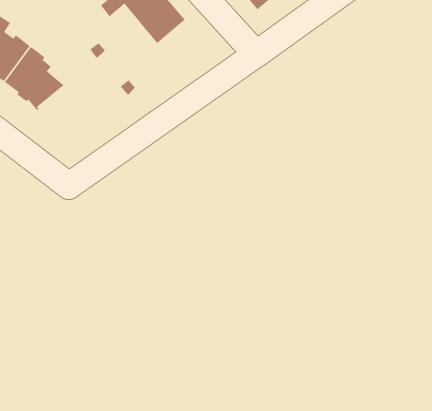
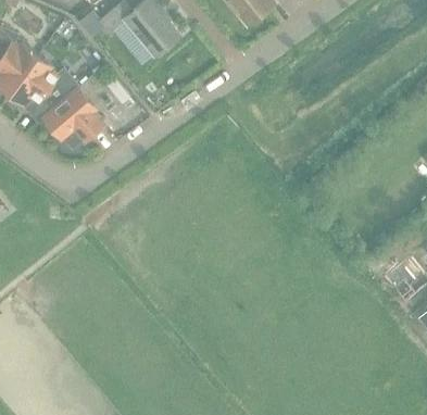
building: none -> [40,88,103,149]

